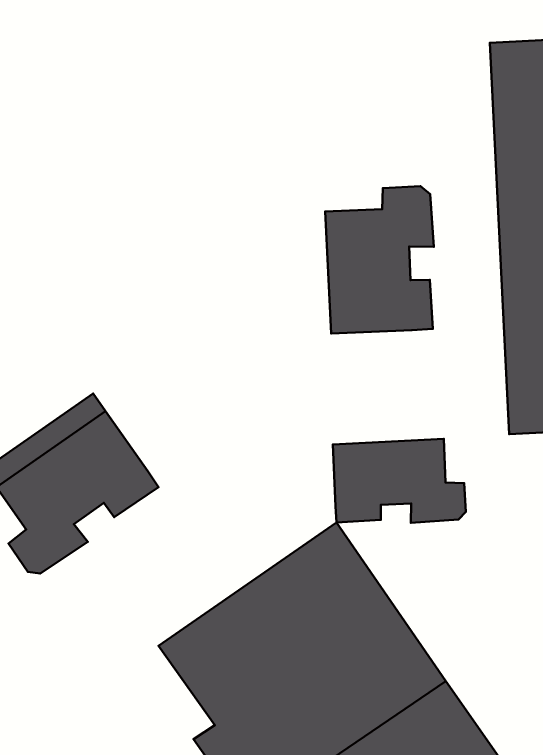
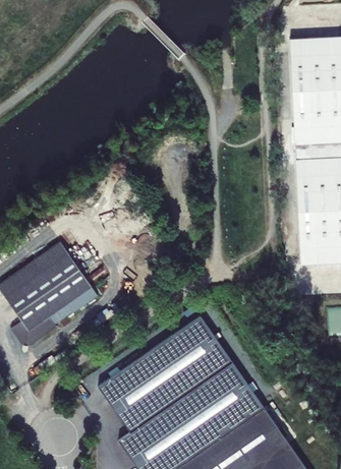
building: [325,186,434,334] -> none
building: [333,439,466,523] -> none

